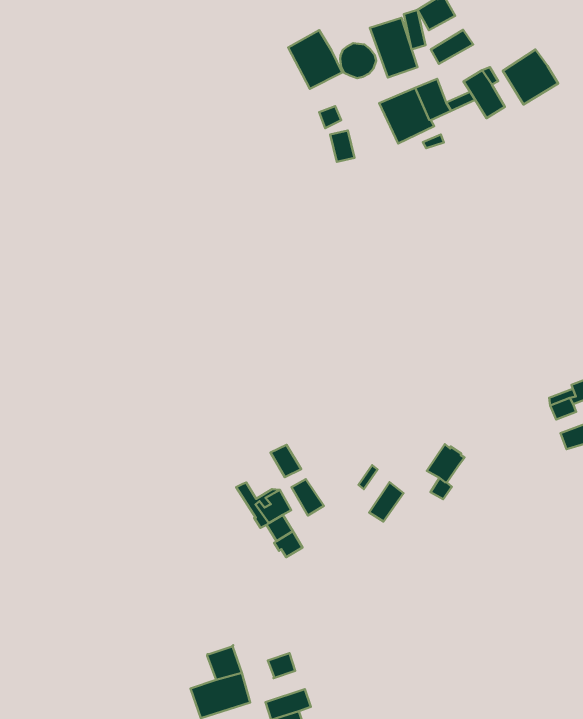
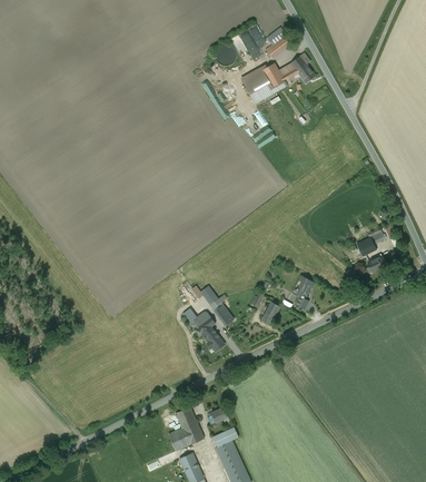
building: [288,30,342,89] -> none
building: [503,49,558,104] -> none

